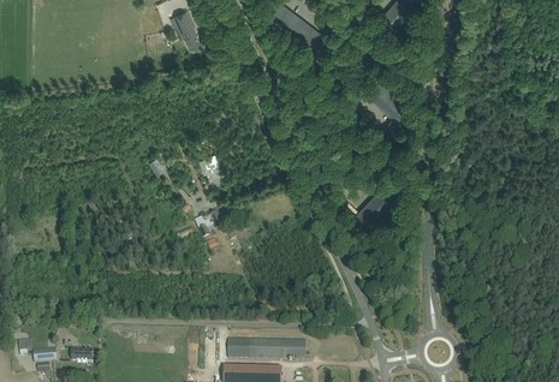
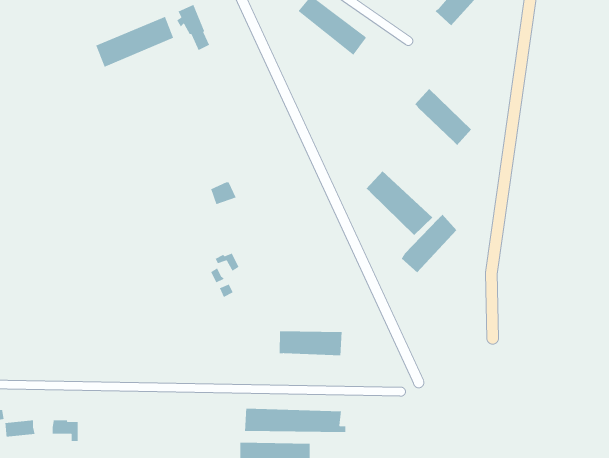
building: none -> [95,16,174,68]
building: none -> [366,170,433,236]
building: none -> [279,330,343,356]

